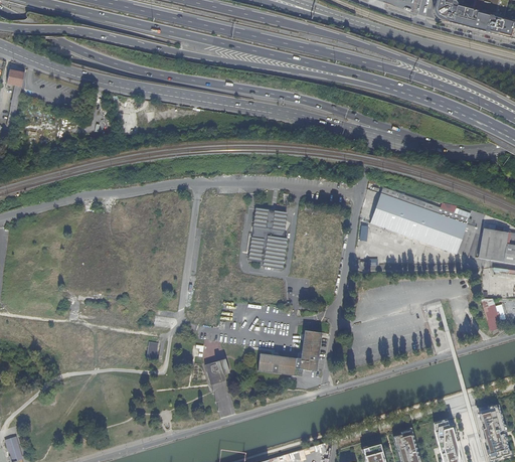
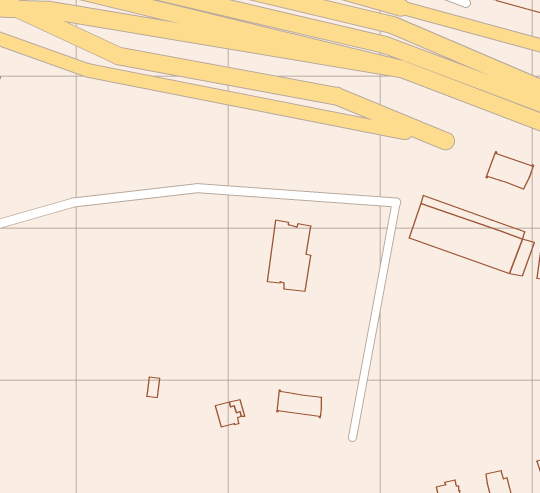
building: none -> [486,152,534,189]
building: [296,330,322,371] -> none

